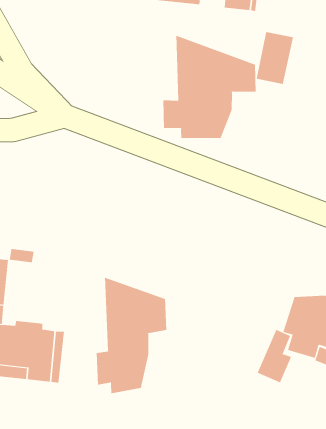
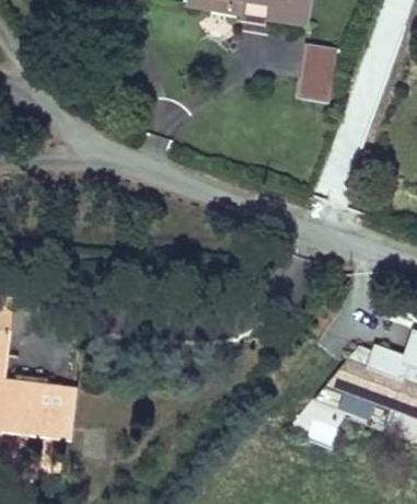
building: [163,35,256,139] -> none
building: [96,277,167,394] -> none

